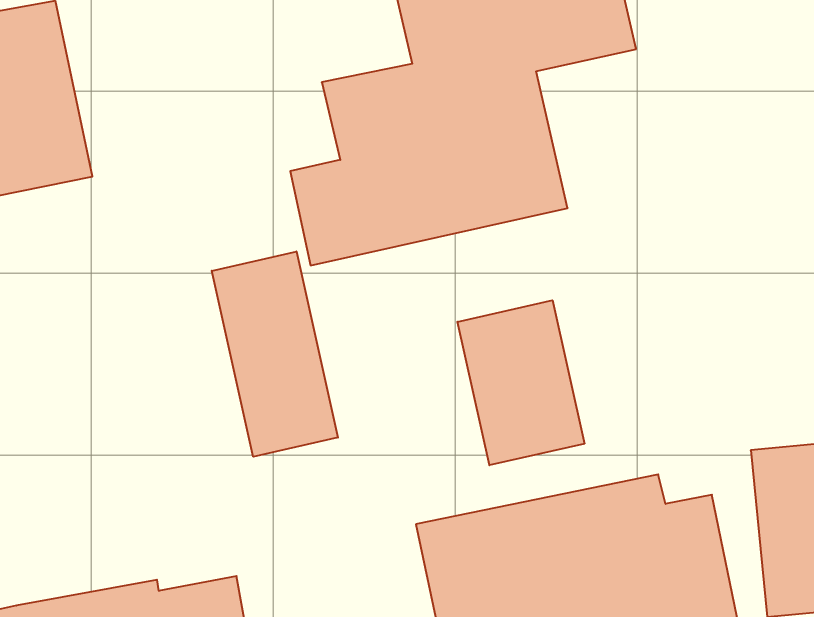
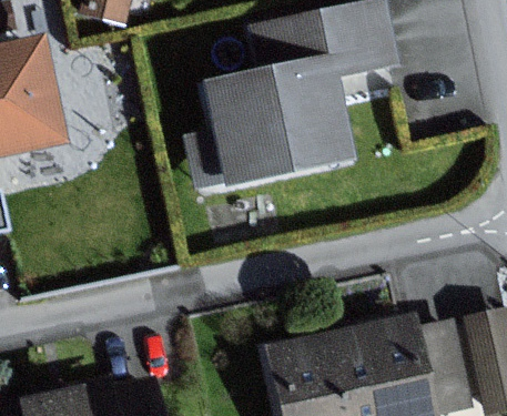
building: [212,251,338,457] -> none
building: [457,300,584,465] -> none

